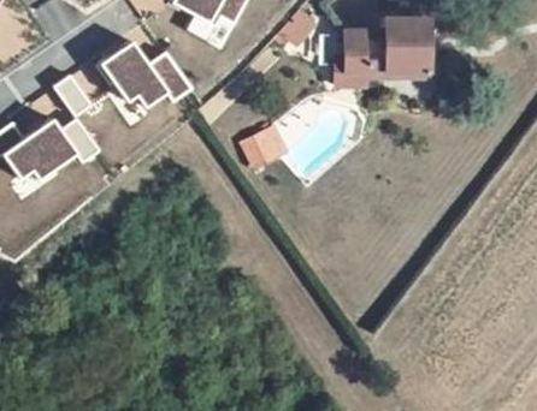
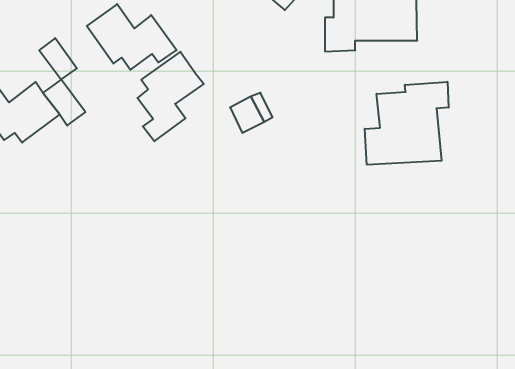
building: none -> [137,52,204,141]
building: none -> [365,82,449,165]

